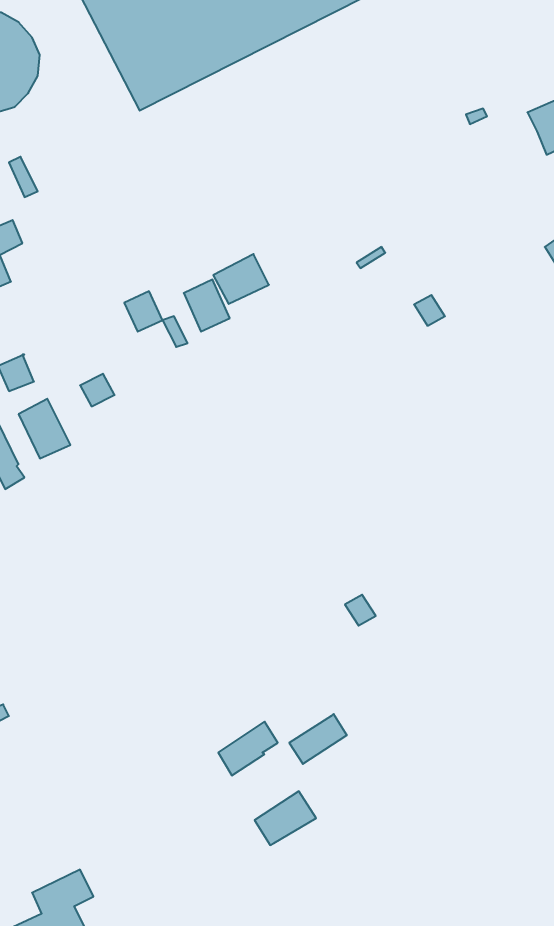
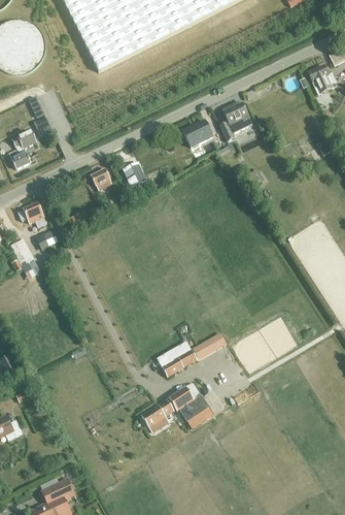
building: none -> [218,102,251,141]
building: [213,254,269,304] -> [182,120,212,147]
building: none -> [157,341,197,377]
building: [255,791,316,845] -> [169,382,202,411]

